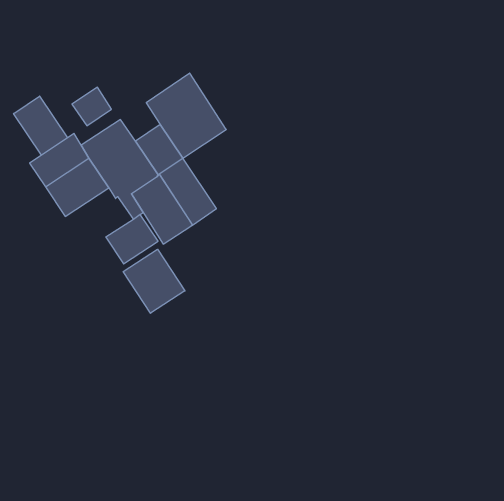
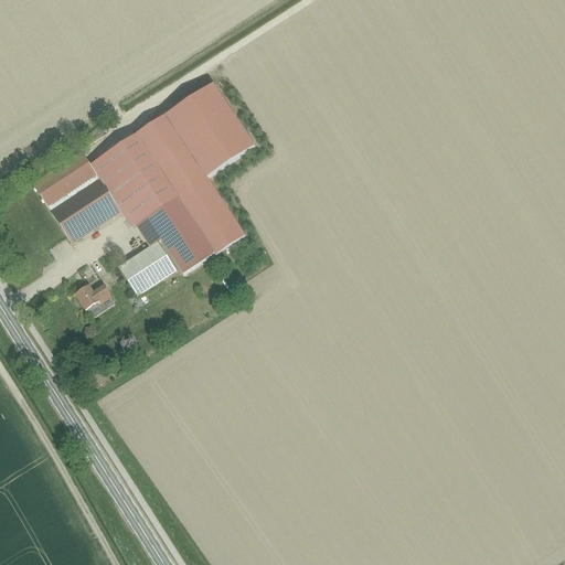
building: [72,87,111,126] -> [136,115,180,158]
building: [14,96,67,155] -> none
building: [123,249,185,313] -> none
building: none -> [76,284,114,308]

